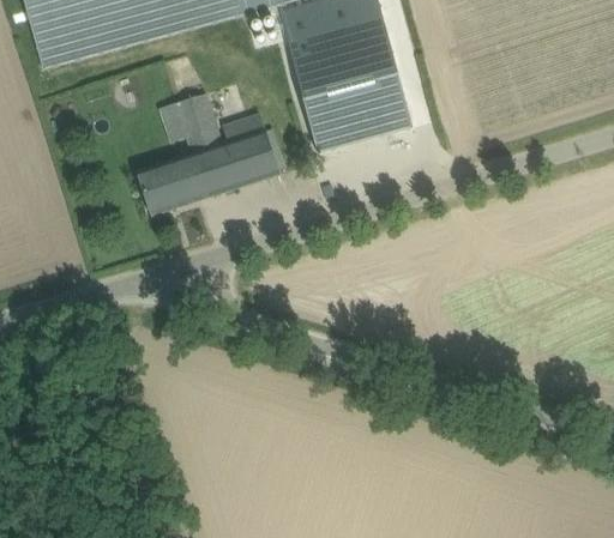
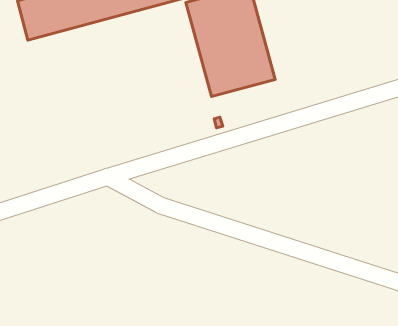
building: [136,90,277,213] -> none

